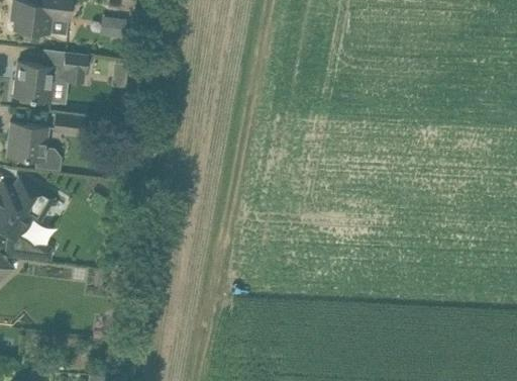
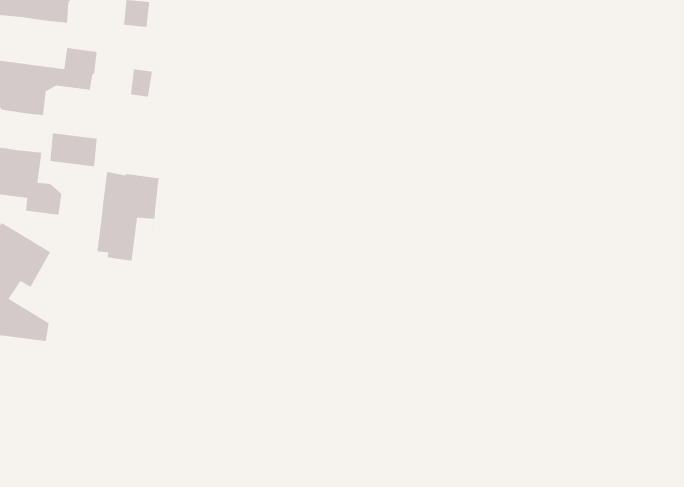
building: none -> [97,171,159,261]

